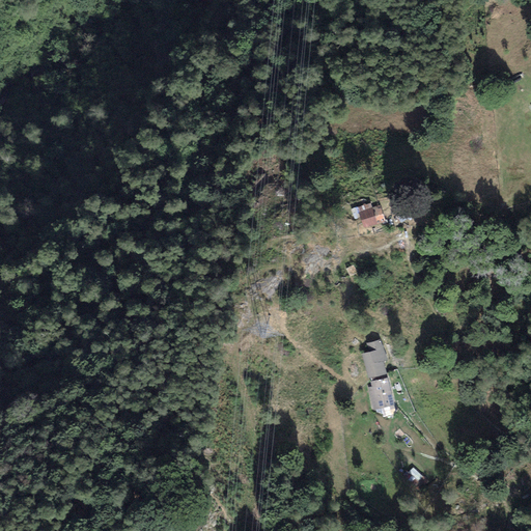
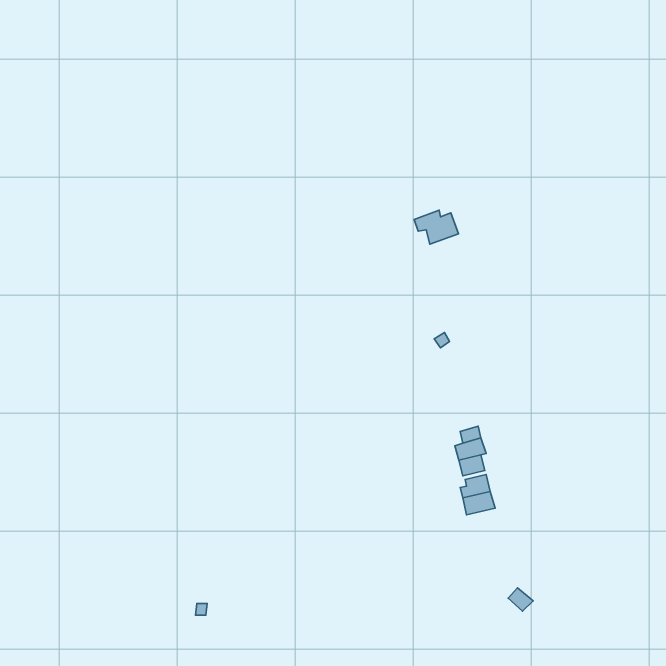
building: [351,202,386,229] -> [414,210,459,244]

